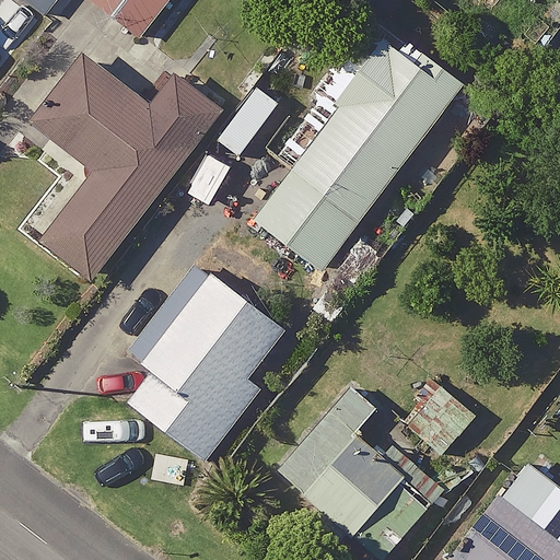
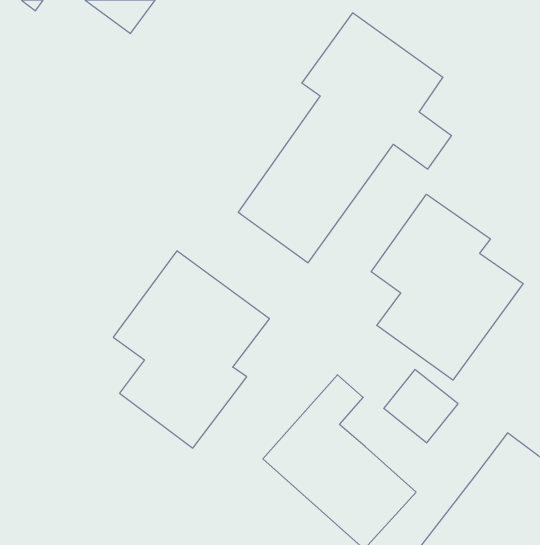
building: [27,52,220,279] -> none
building: none -> [371,194,523,380]

